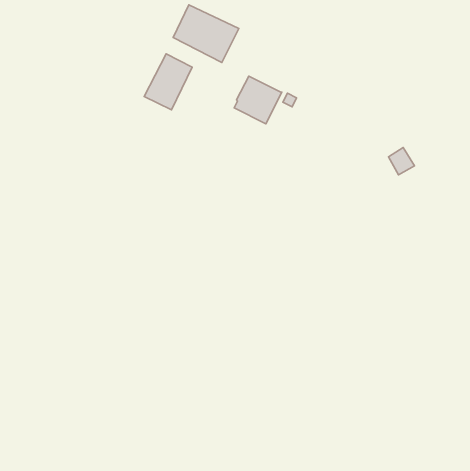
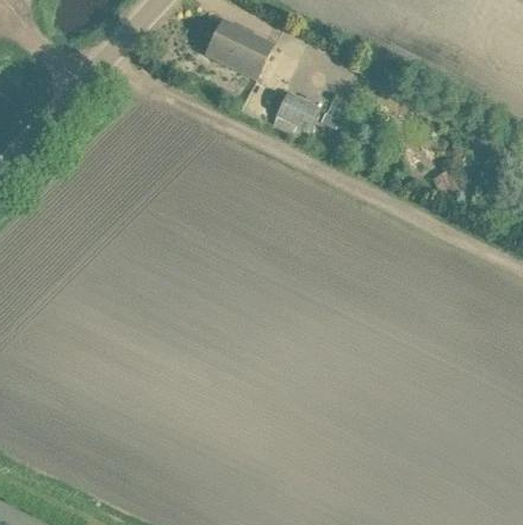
building: [144,54,192,110] -> none

